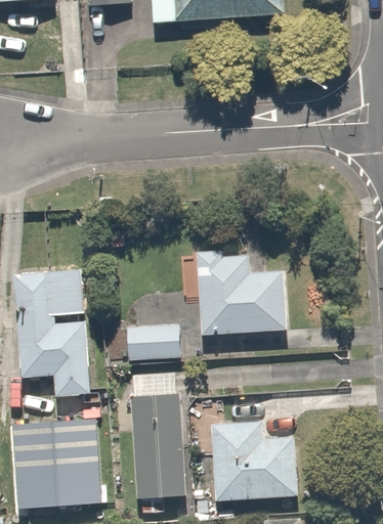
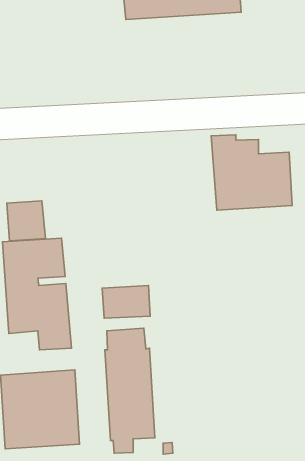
building: none -> [7,201,45,241]
building: [196,251,287,336] -> [211,135,292,210]
building: [211,421,298,500] -> none

